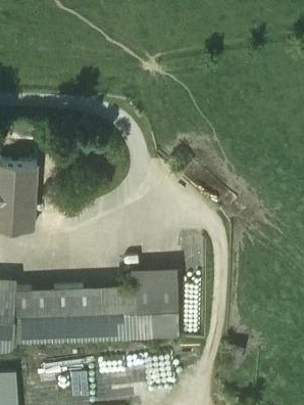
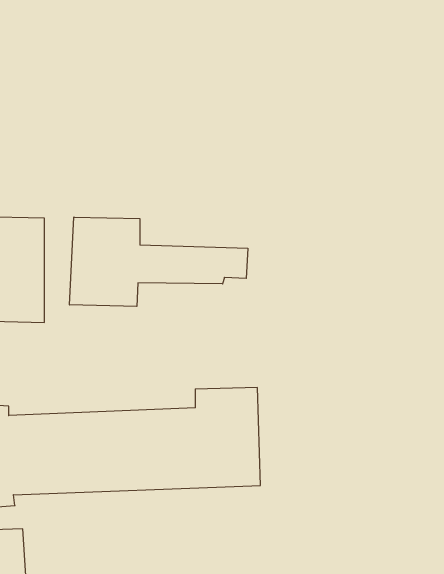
building: none -> [70,217,248,306]

